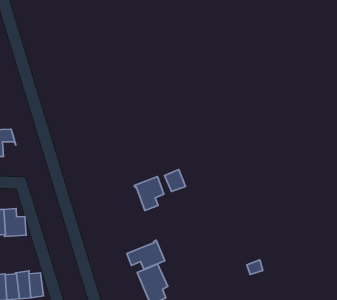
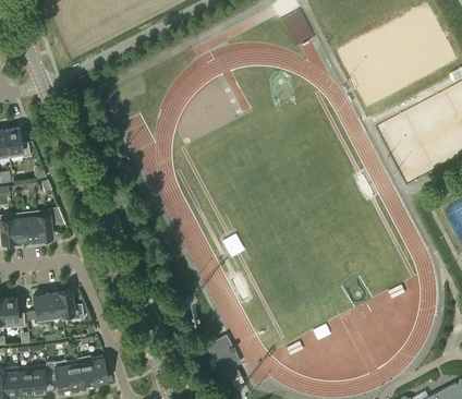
building: [134,176,164,211] -> none
building: [127,240,165,269] -> none

